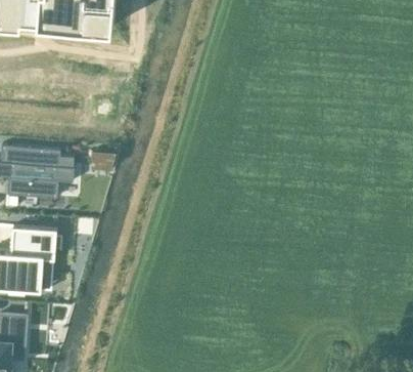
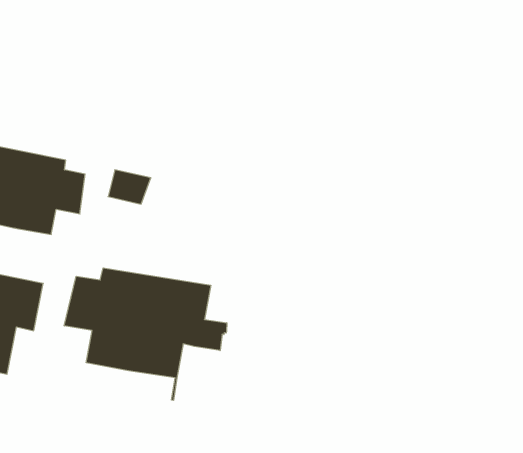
building: none -> [64,268,227,400]

